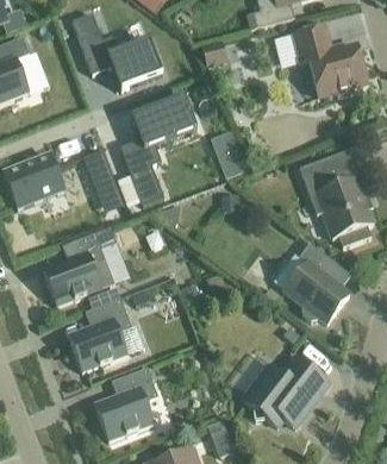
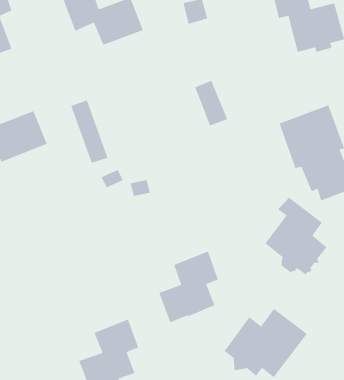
building: [119,95,196,206] -> none
building: [42,226,116,306] -> none
building: [69,297,131,371] -> [158,250,219,323]

